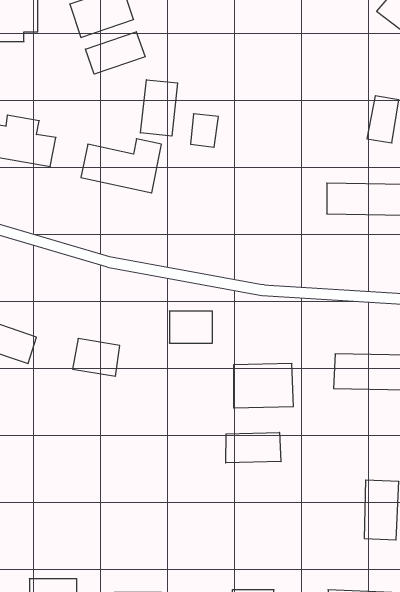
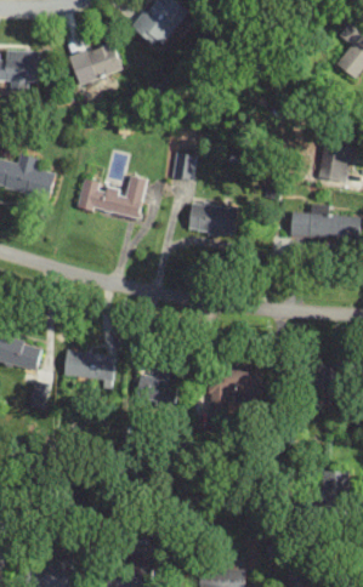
building: [85,32,145,74] -> none
building: [140,80,178,136] -> none
building: none -> [186,201,238,239]
building: [169,311,212,343] -> [142,367,180,395]
building: [226,432,281,463] -> none

